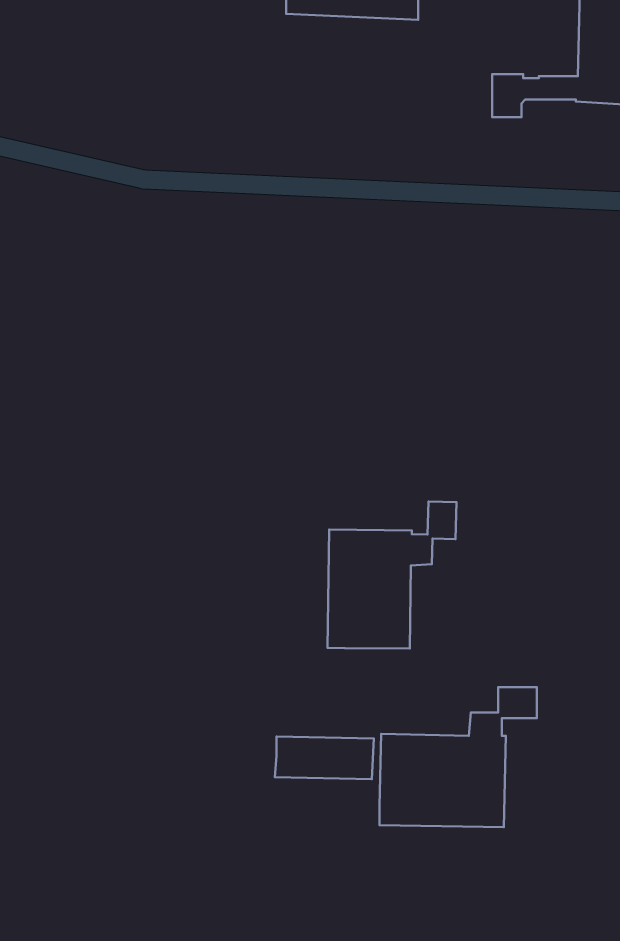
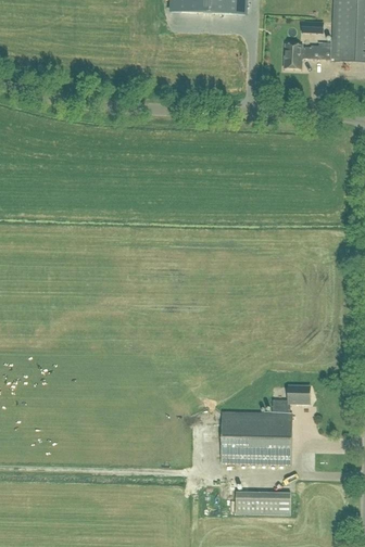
building: [327,501,457,648] -> none
building: [275,736,374,779] -> [236,491,291,514]

